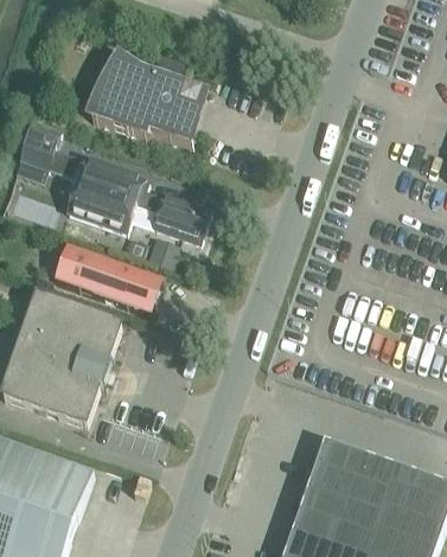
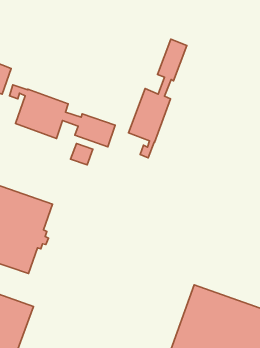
building: [91,49,204,145] -> none
building: none -> [129,39,187,158]
building: [56,245,162,312] -> none

